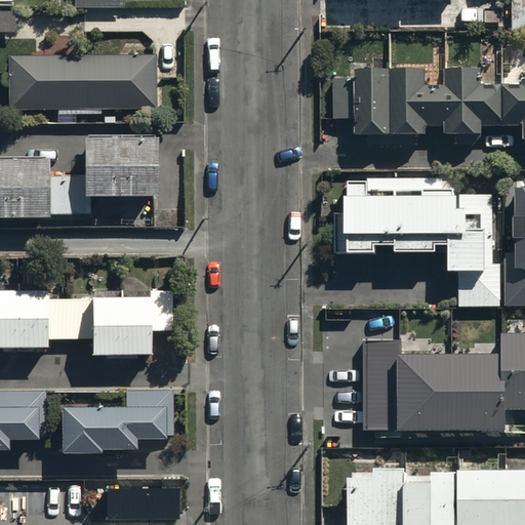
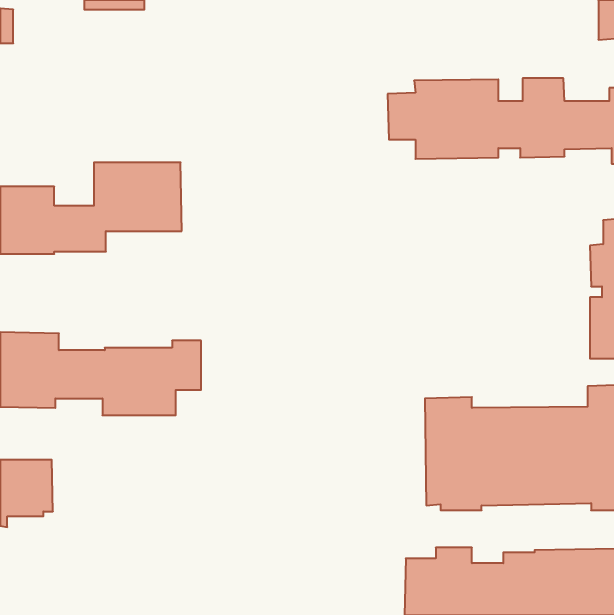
building: [8,55,156,111] -> none
building: [334,177,500,307] -> none
building: [59,391,173,452] -> none
building: [110,490,180,519] -> none

